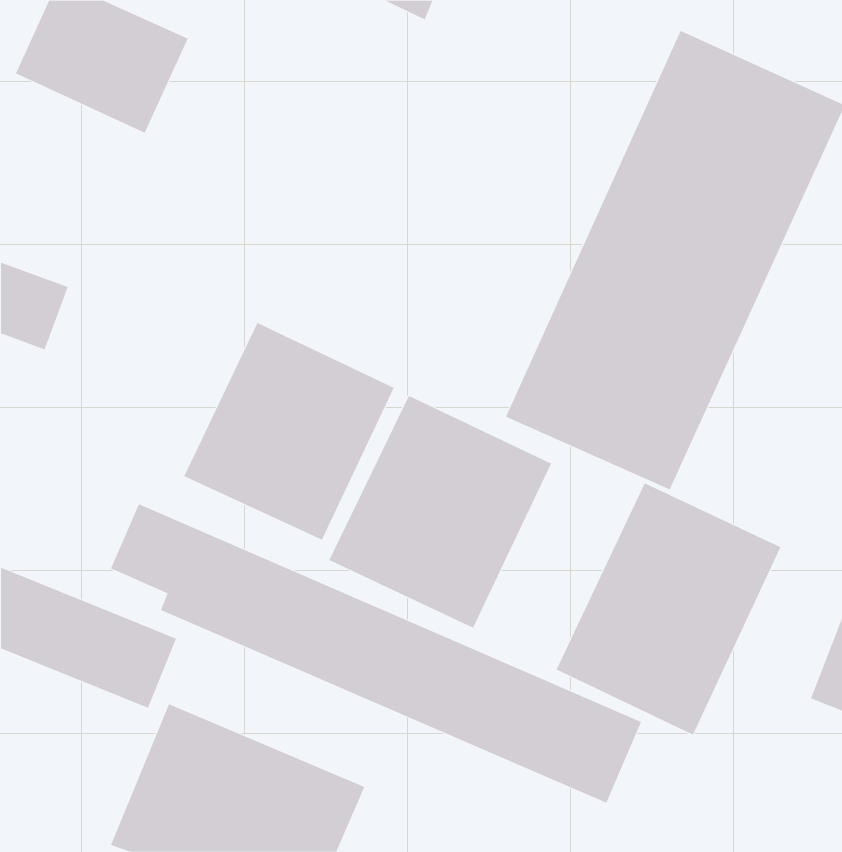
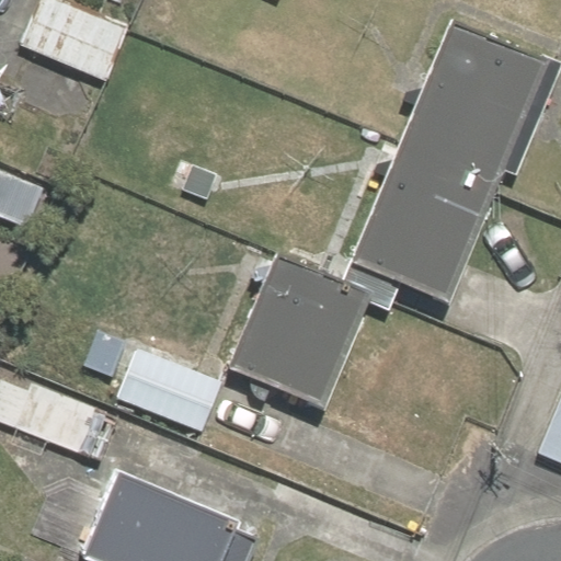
building: [184,322,395,540] -> none
building: [556,482,781,736] -> none

